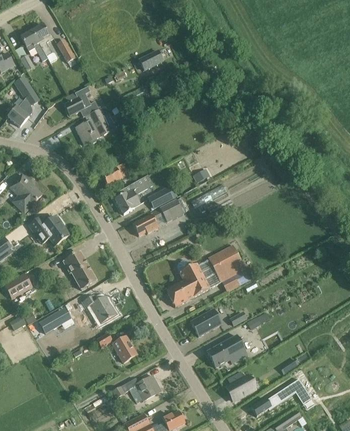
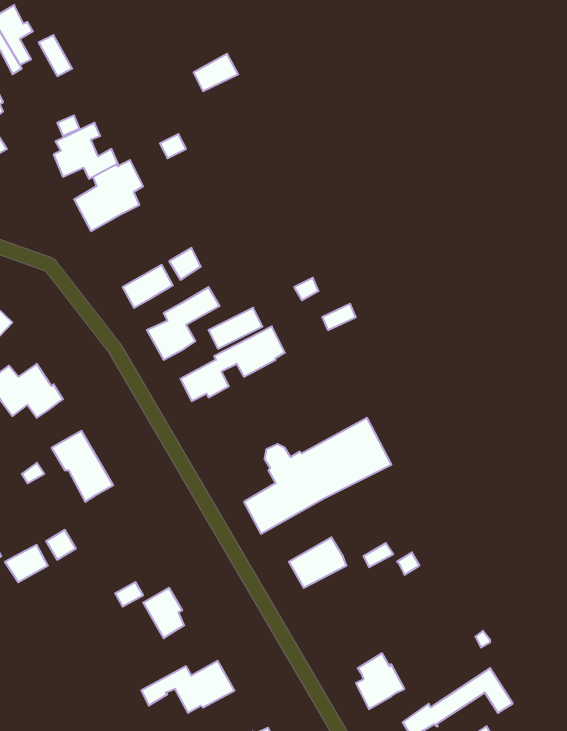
building: [81,295,115,326] -> none
building: [206,335,247,367] -> none

